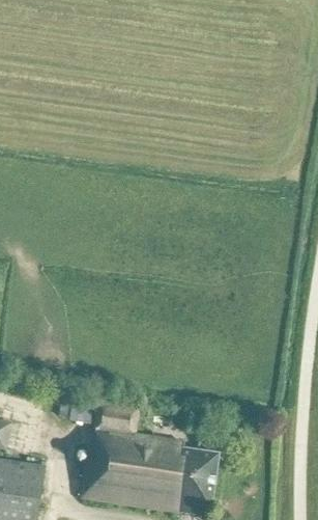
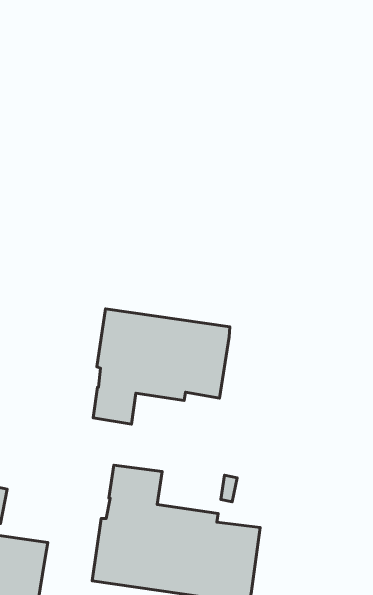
building: none -> [93,309,230,424]

